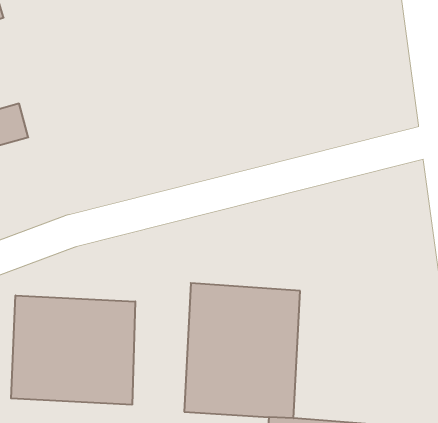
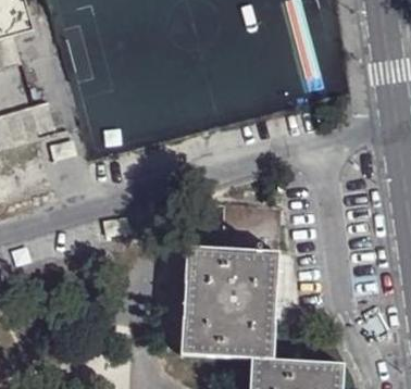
building: [11,295,135,405] -> none

